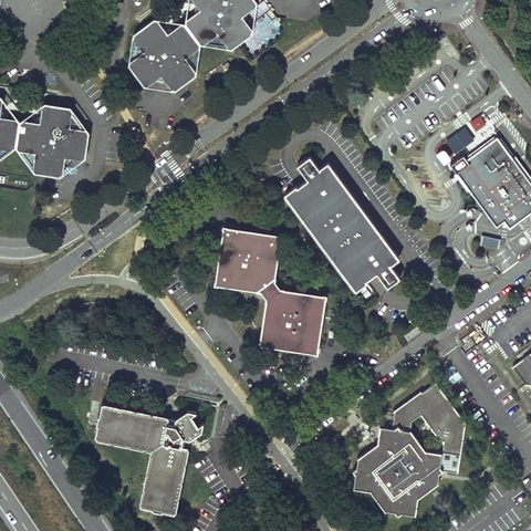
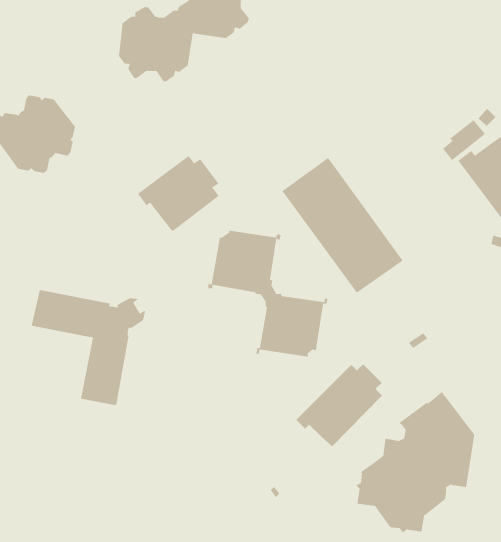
building: none -> [137,155,219,232]
building: none -> [295,364,383,447]
building: [95,405,204,514] -> [31,289,146,406]

